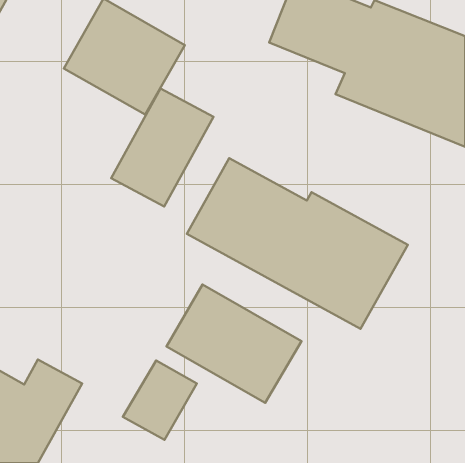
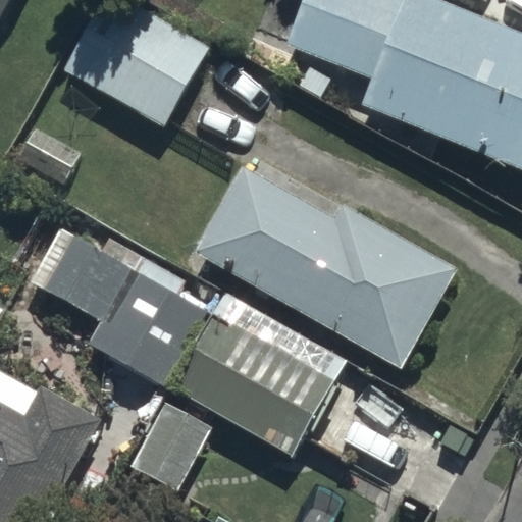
building: [111,88,213,207] -> none
building: none -> [23,224,208,379]

